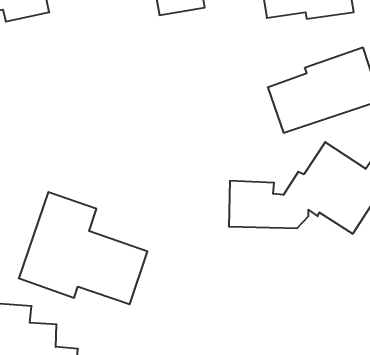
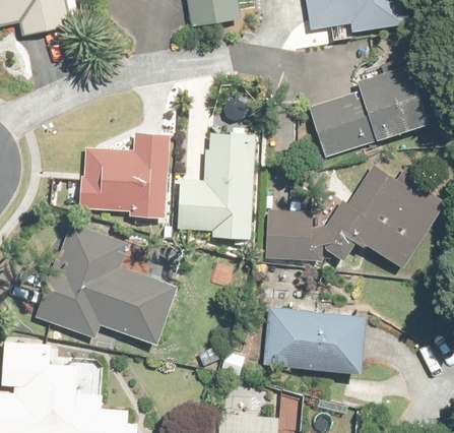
building: none -> [178,132,256,239]
building: none -> [79,134,170,218]
building: none -> [264,310,369,372]

